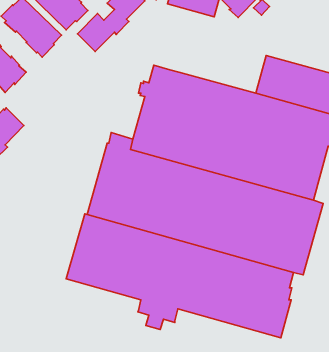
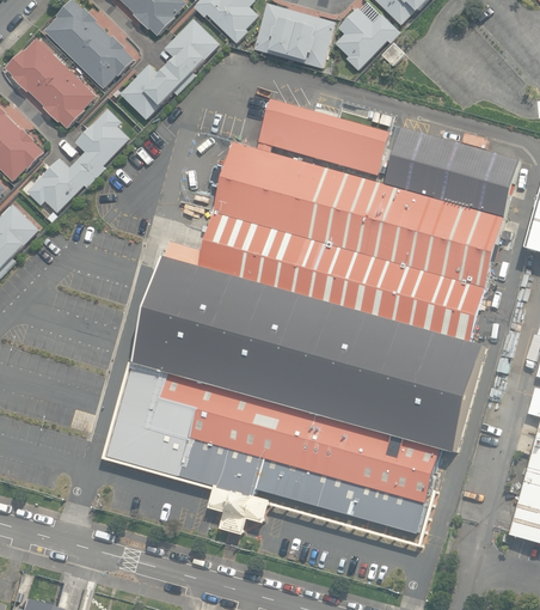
building: none -> [257,97,389,173]
building: none -> [25,106,128,212]

